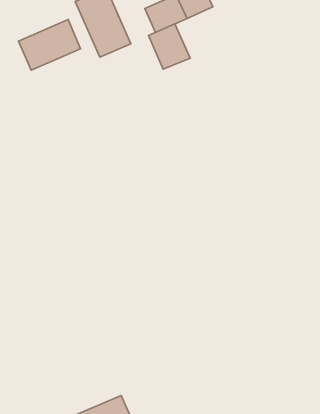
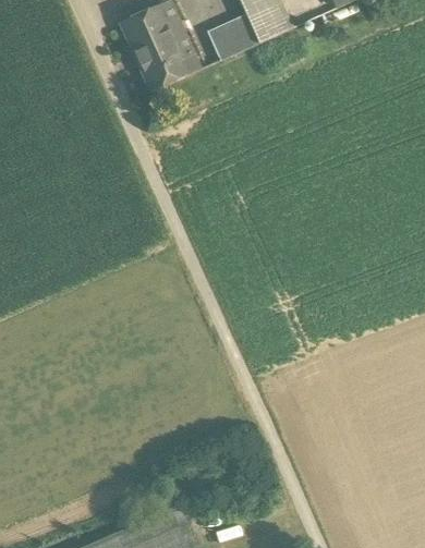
building: [18,19,81,70] -> none
building: [149,24,190,69] -> none

